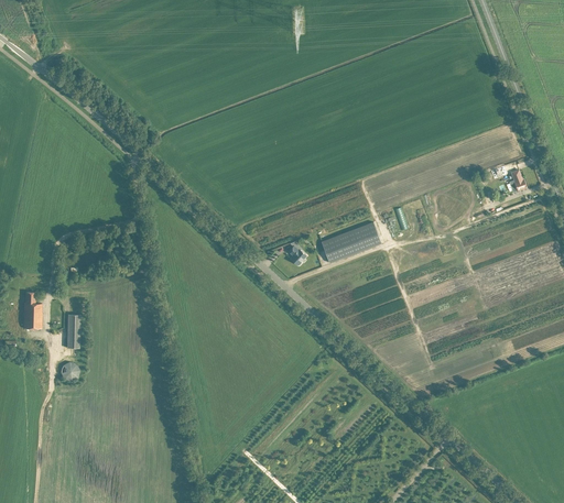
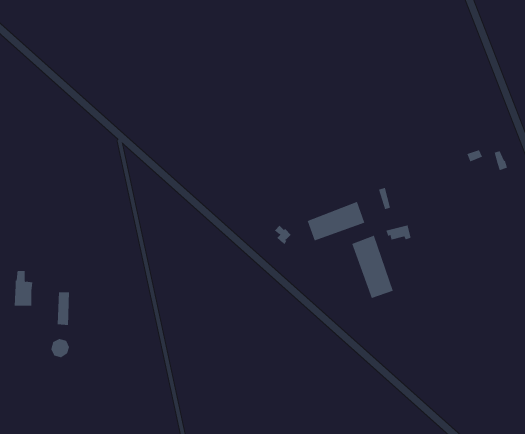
building: none -> [351,235,393,299]

